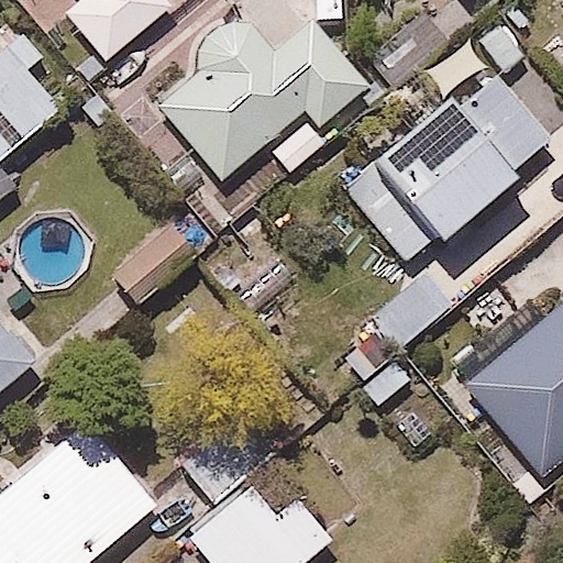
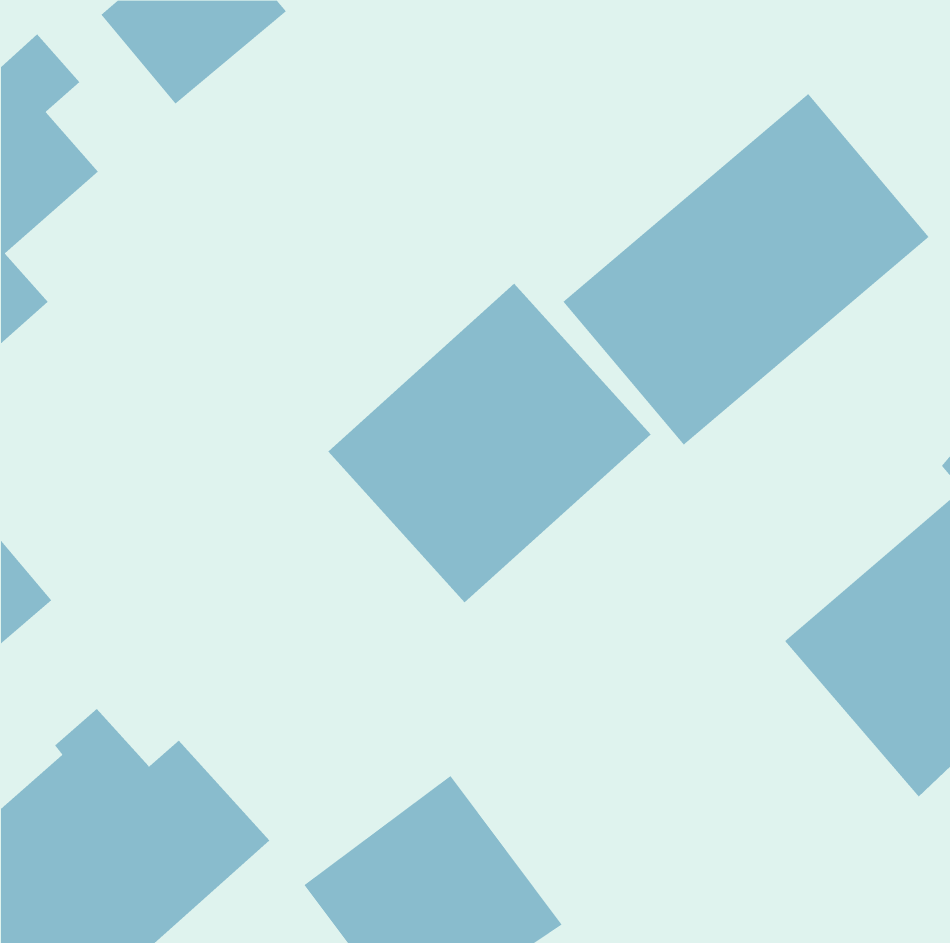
building: [155,15,373,181] -> none
building: none -> [327,283,652,603]

